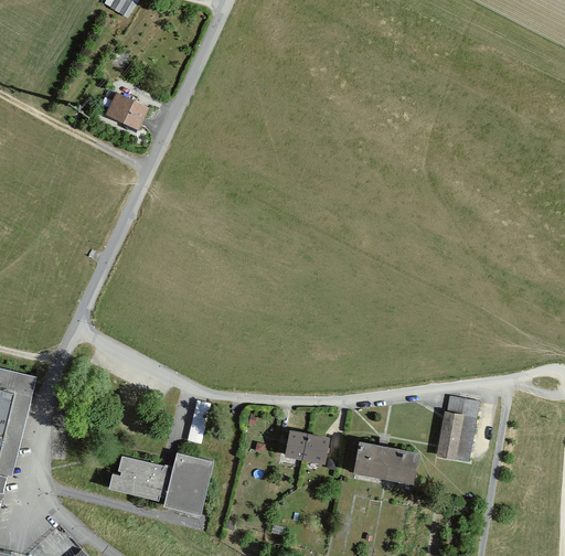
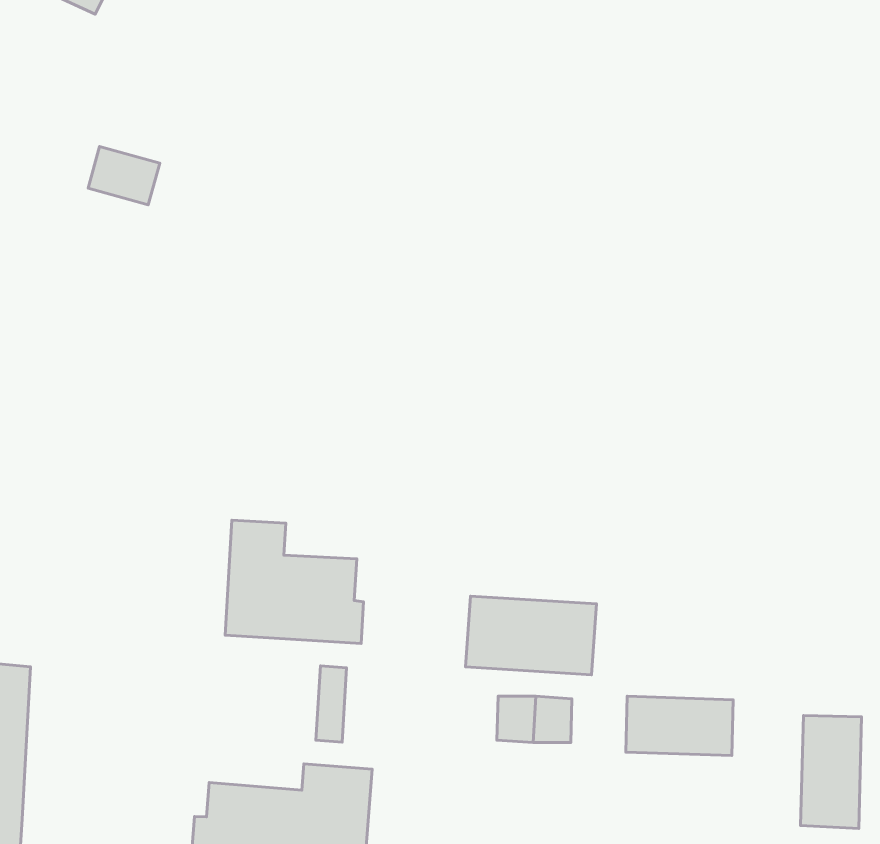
building: none -> [225,520,364,644]
building: none -> [466,596,596,675]
building: [435,395,478,462] -> [801,716,861,829]

